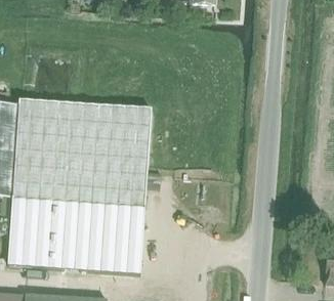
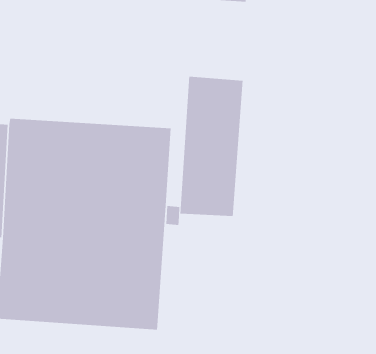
building: none -> [180,76,243,217]

